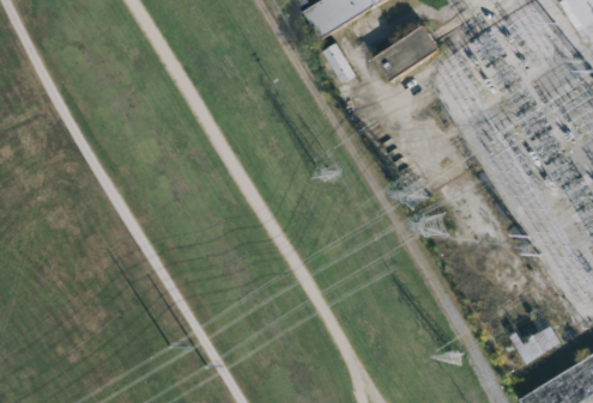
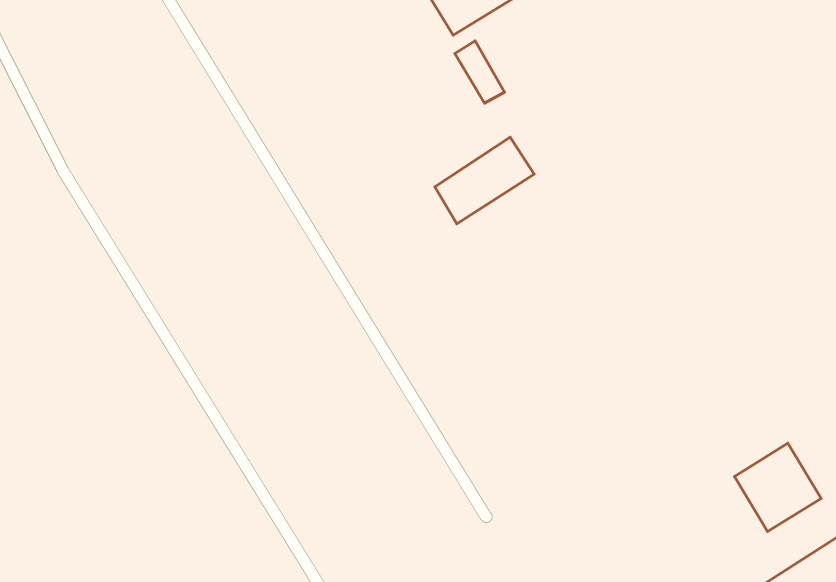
building: [376,25,441,81] -> [435,137,534,224]

